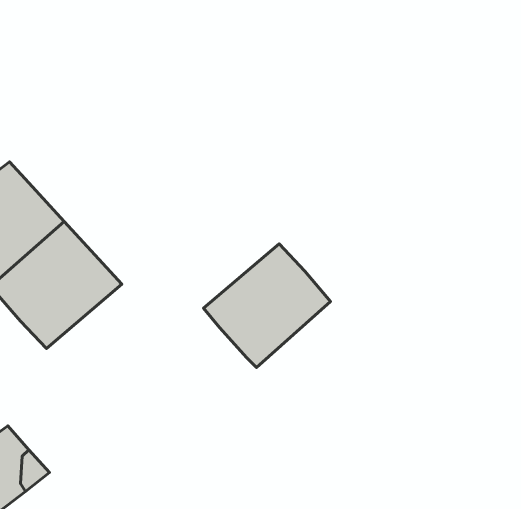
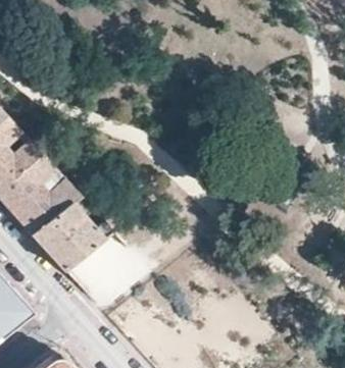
building: [204,244,331,368] -> [32,196,112,274]

